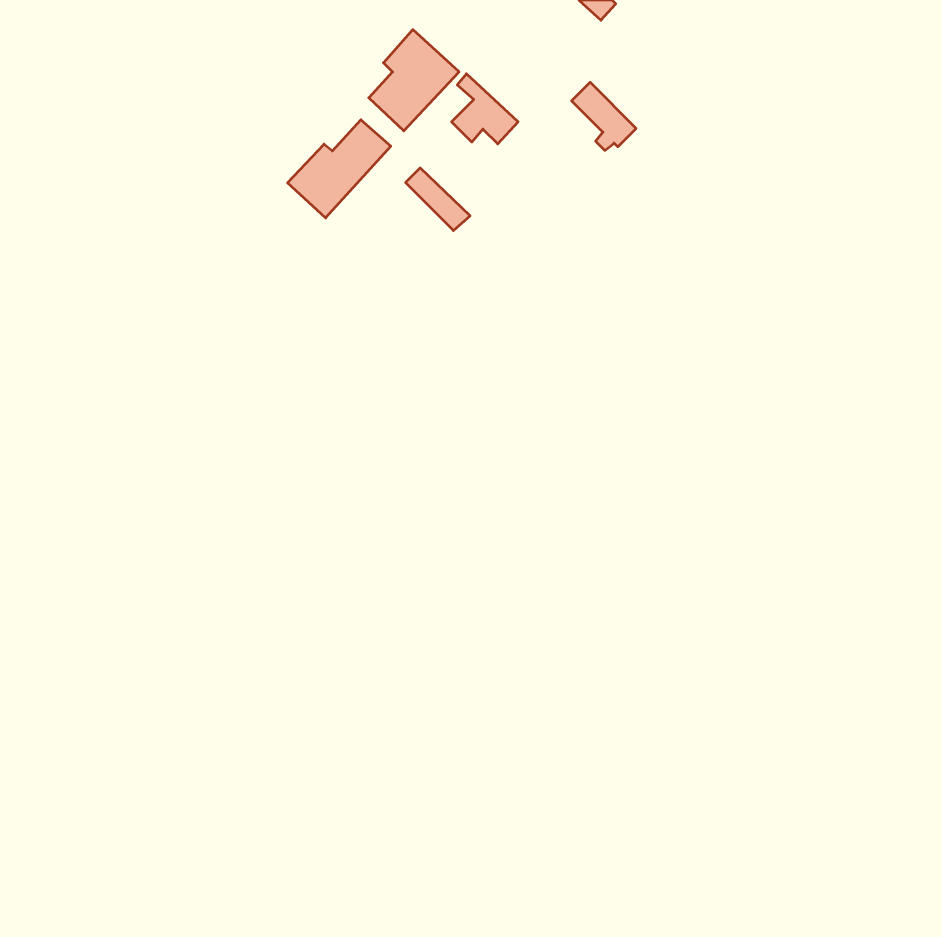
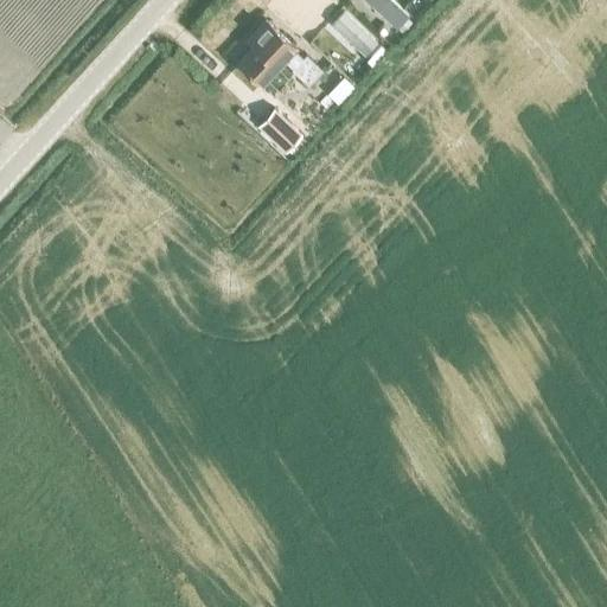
building: [572,82,636,150] -> [332,13,373,57]
building: [288,120,391,218] -> none

